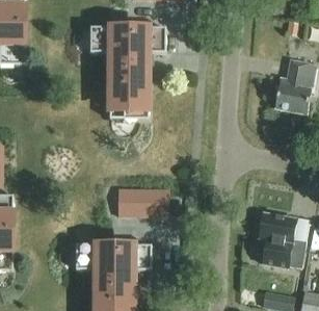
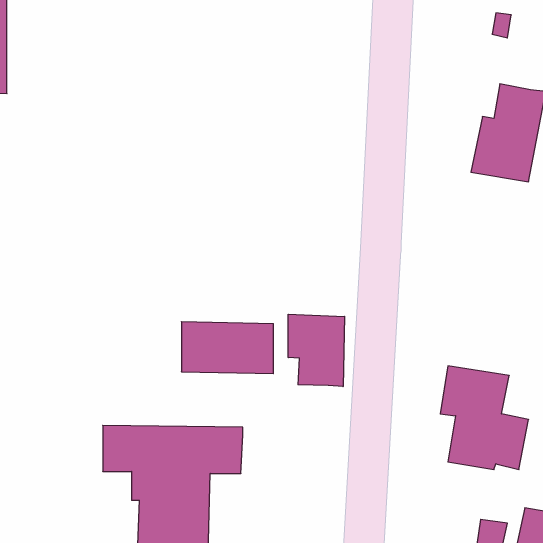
building: [90,25,166,118] -> none
building: none -> [288,314,345,387]

